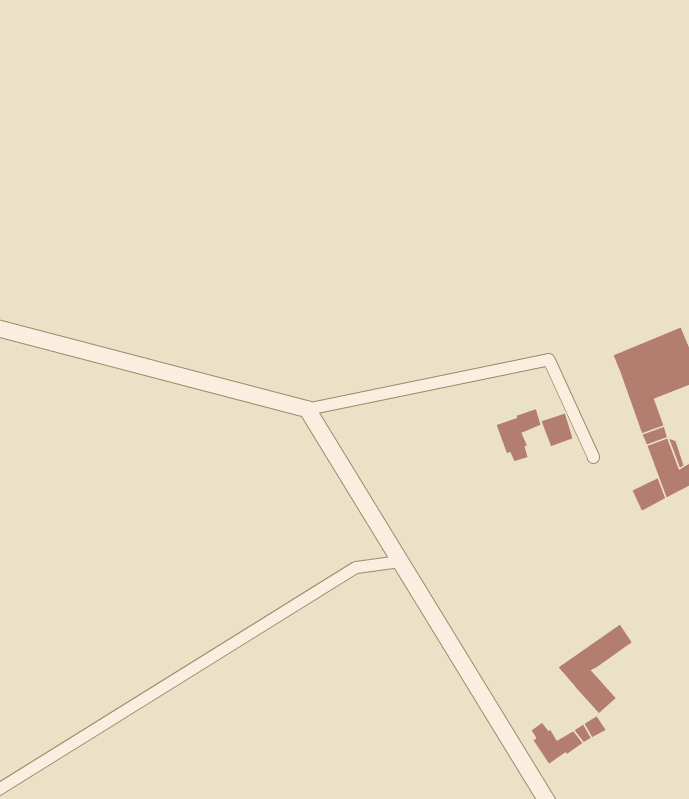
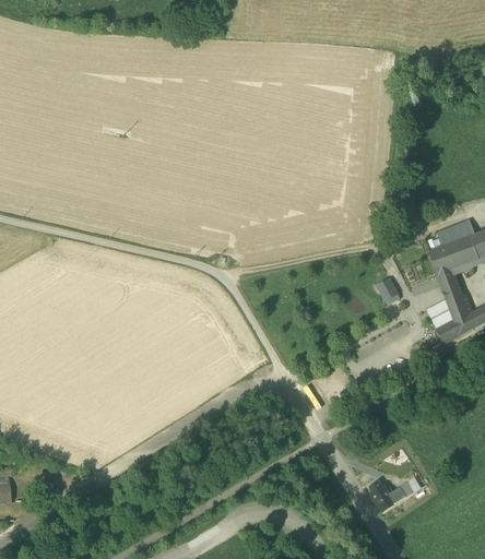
building: [496,408,542,462] -> none
building: [558,624,633,714] -> none

